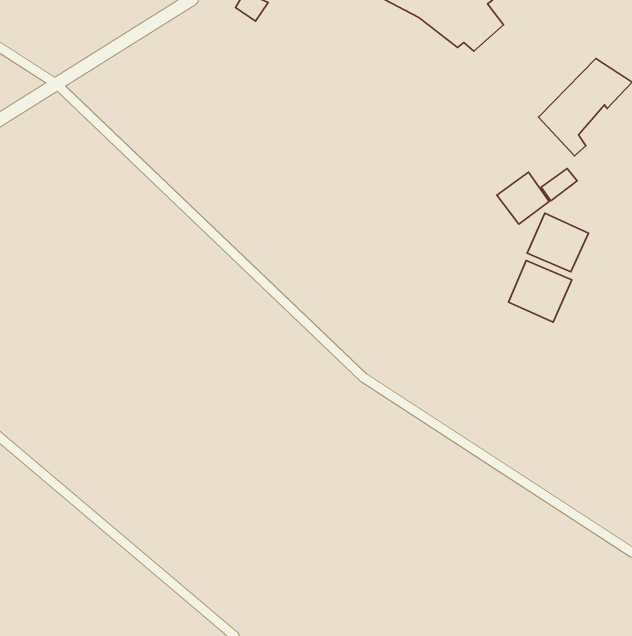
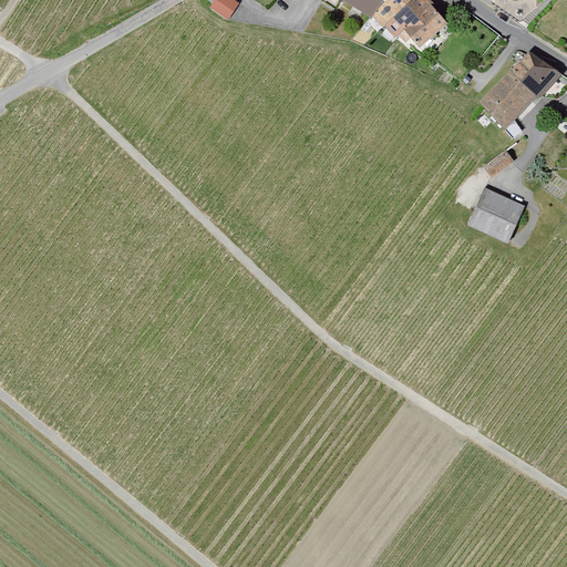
building: [497,172,549,224] -> none
building: [508,261,572,322] -> none

